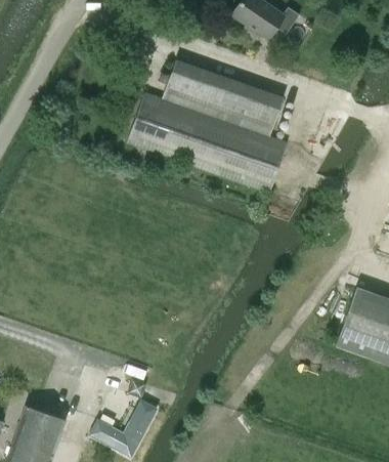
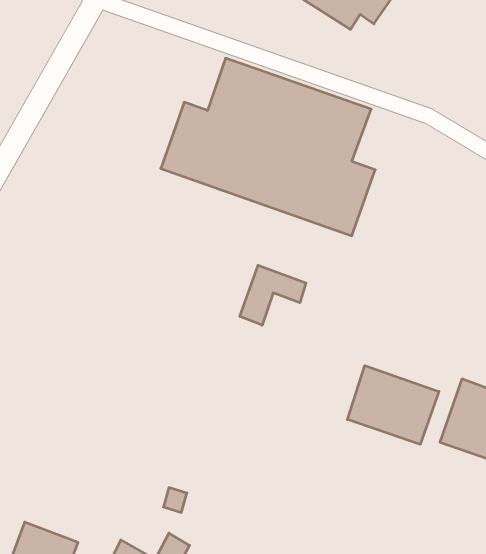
building: none -> [240,265,306,325]
building: none -> [347,366,439,444]

